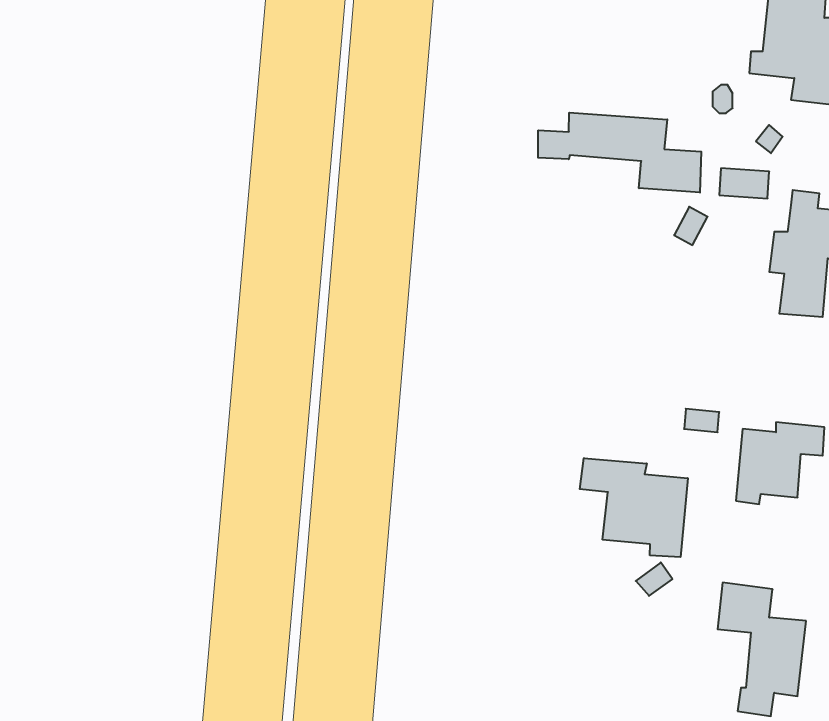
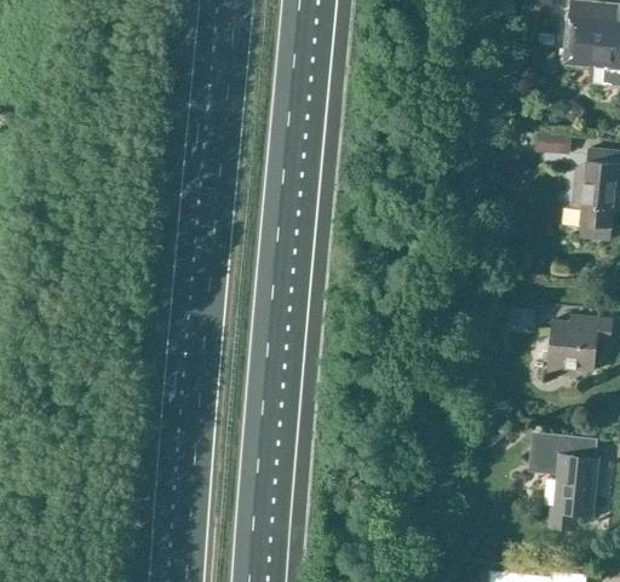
building: [538,113,701,193] -> none
building: [580,458,688,557] -> none

